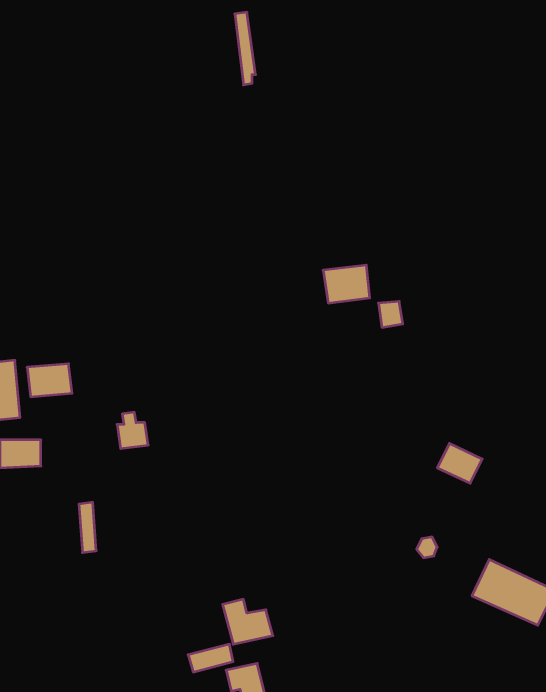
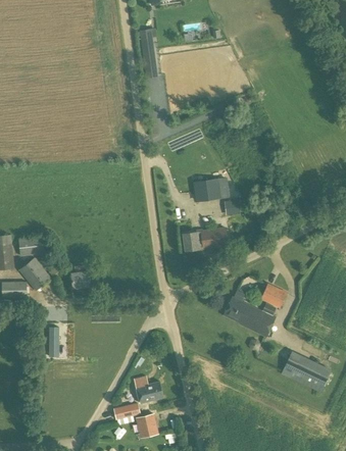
building: none -> [183,228,228,250]
building: none -> [18,257,51,291]
building: none -> [224,297,276,336]

